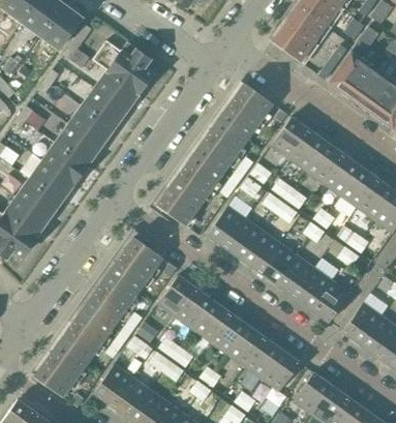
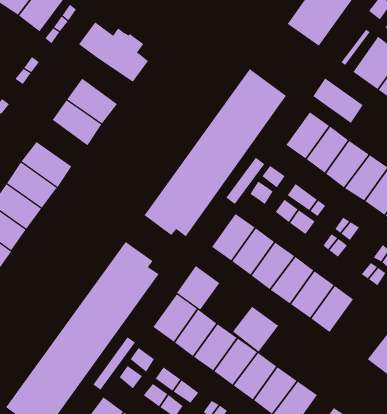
building: [96,71,141,112] -> none
building: none -> [312,78,364,124]
building: [57,125,101,165] -> none
building: none -> [176,265,220,311]
building: [310,280,349,323] -> none
building: none -> [232,306,279,353]

